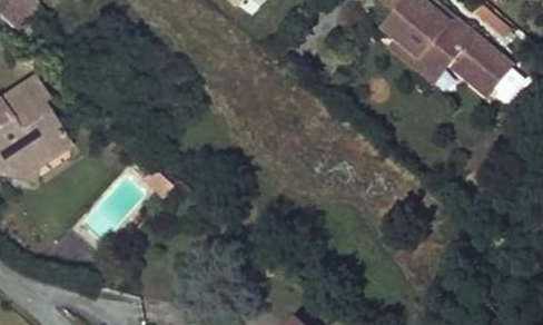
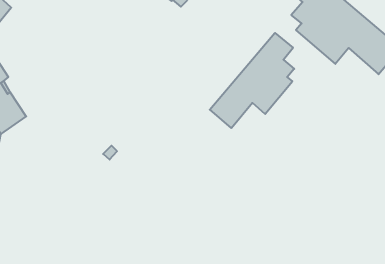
building: none -> [210,33,294,128]

